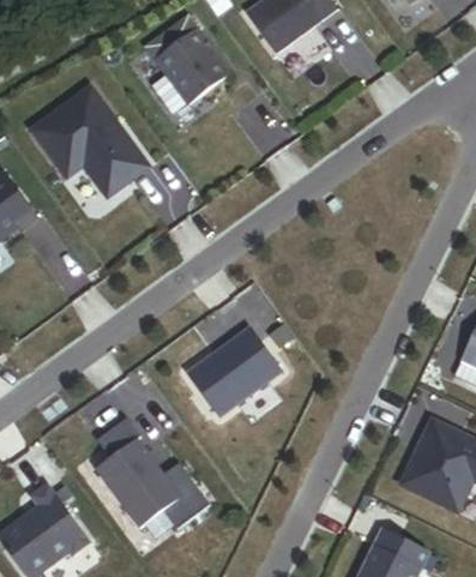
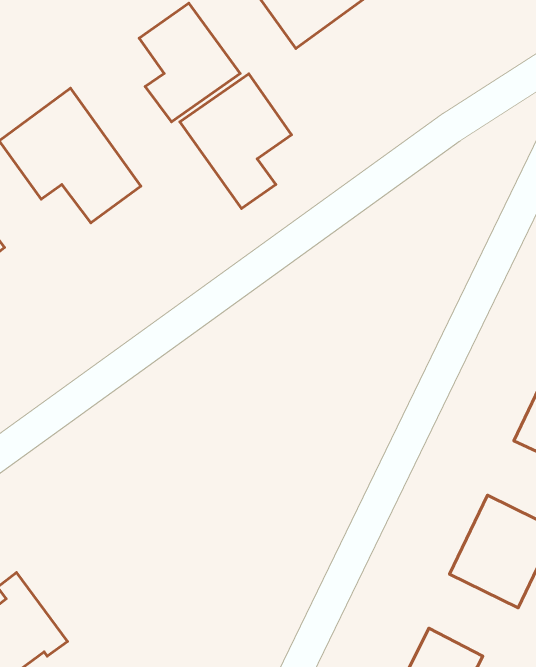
building: none -> [180,74,292,209]
building: [187,326,282,415] -> none
building: [97,419,210,529] -> none

